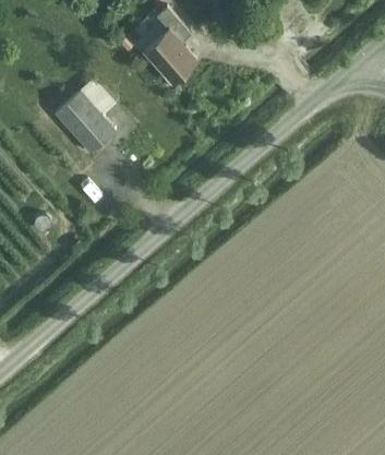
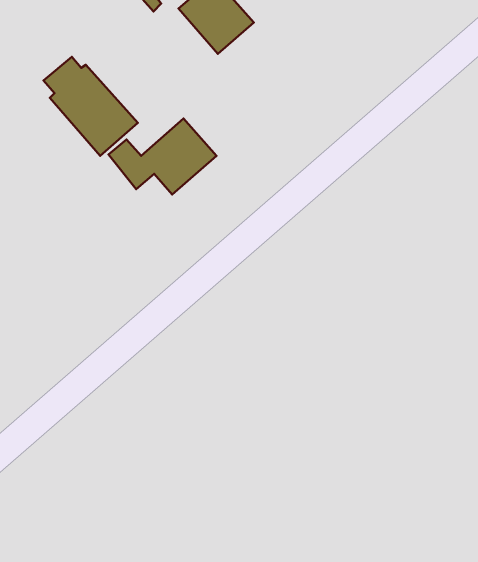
building: none -> [109,118,217,195]

